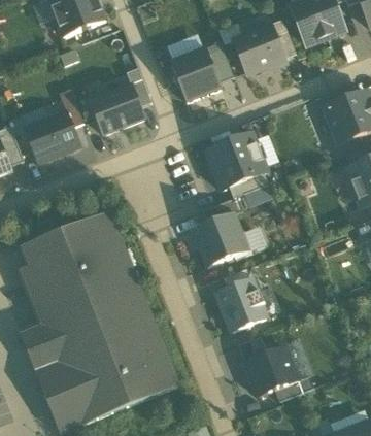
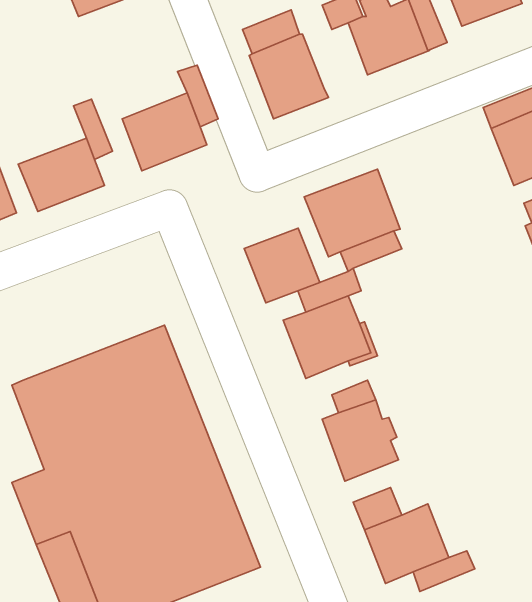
building: [205,42,234,82] -> none
building: none -> [244,228,320,303]
building: [21,213,117,268] -> none

